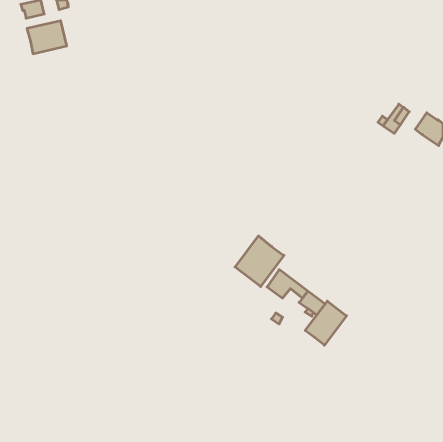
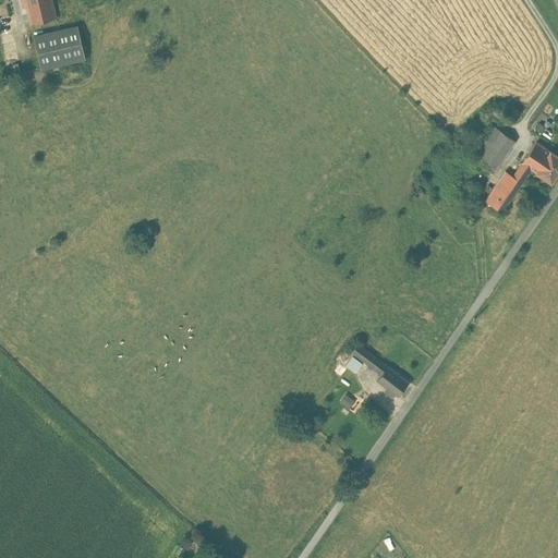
building: none -> [485,163,531,213]
building: [235,236,284,287] -> none
building: [305,301,347,345] -> none

